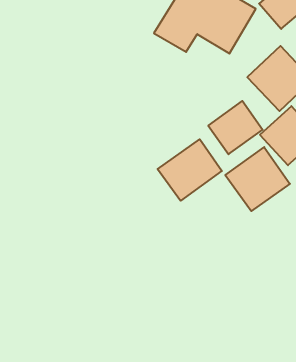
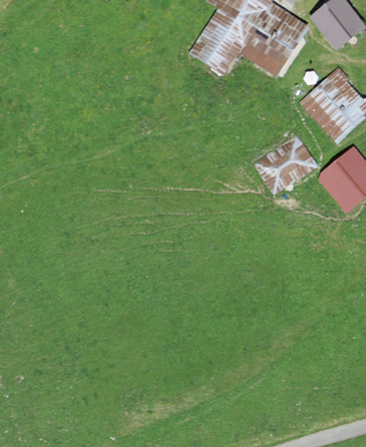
building: [158,139,222,201] -> none
building: [225,147,290,211] -> none

